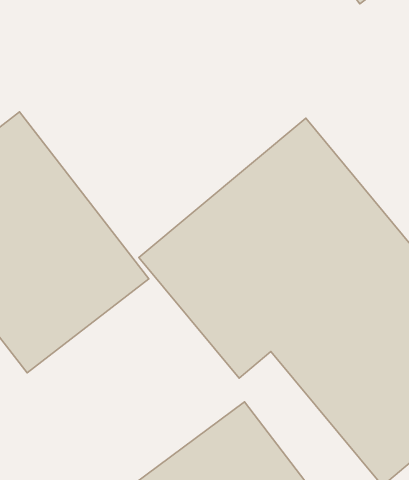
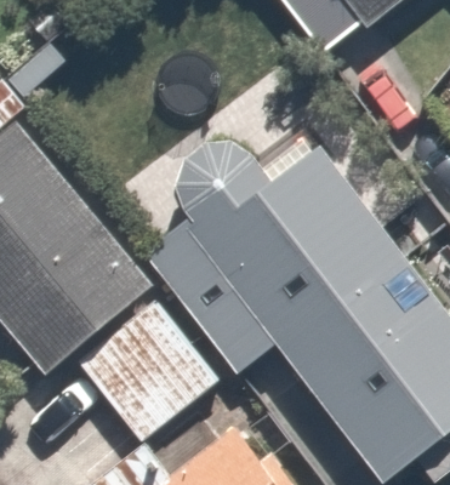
building: none -> [63,293,220,449]

